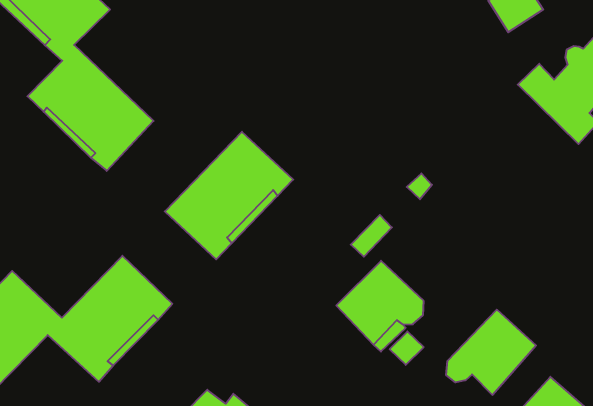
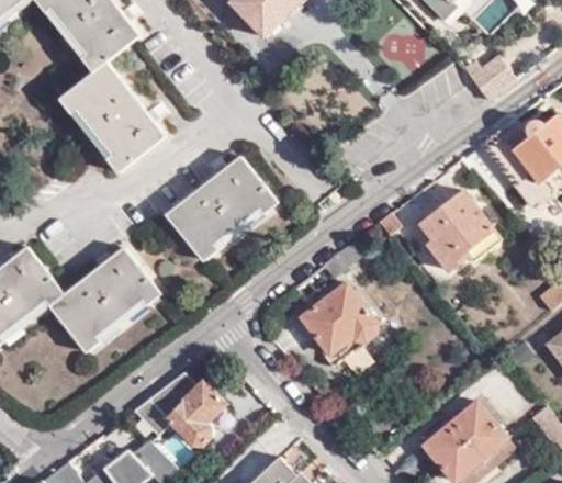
building: none -> [420,190,499,269]
building: [446,310,536,395] -> none

